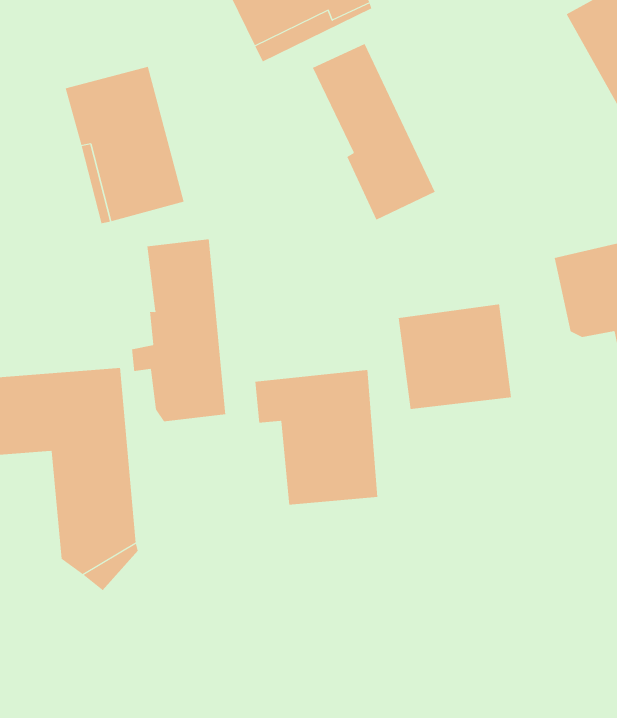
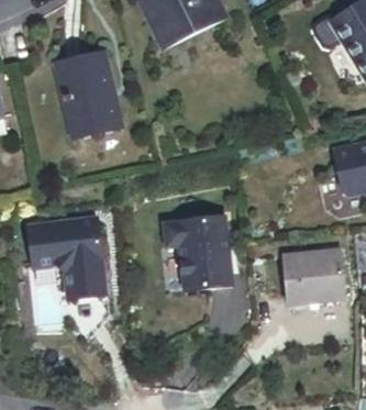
building: [312,43,435,220] -> none
building: [131,238,226,422] -> none
building: [398,304,512,410] -> [278,244,341,302]

